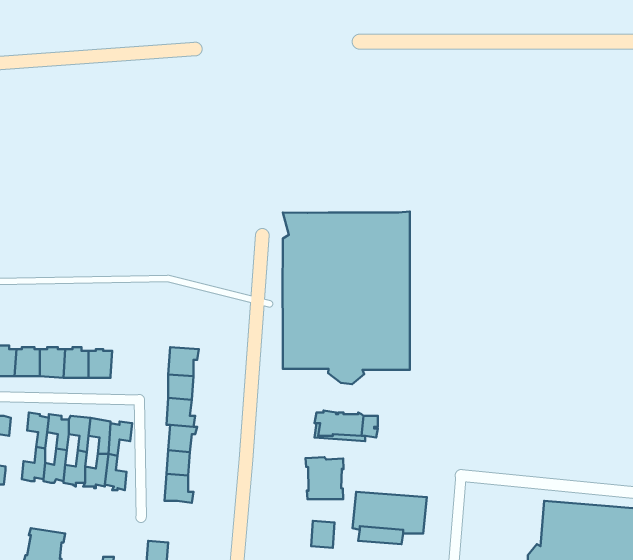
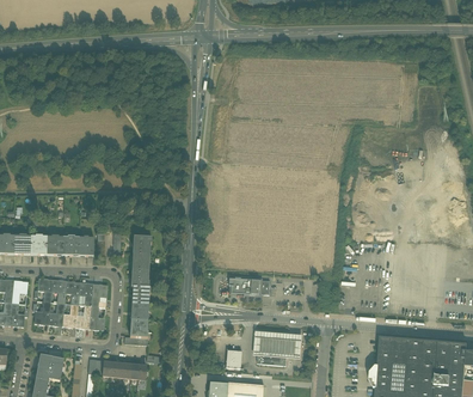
building: [282,211,410,384] -> none
building: [306,457,344,499] -> none

